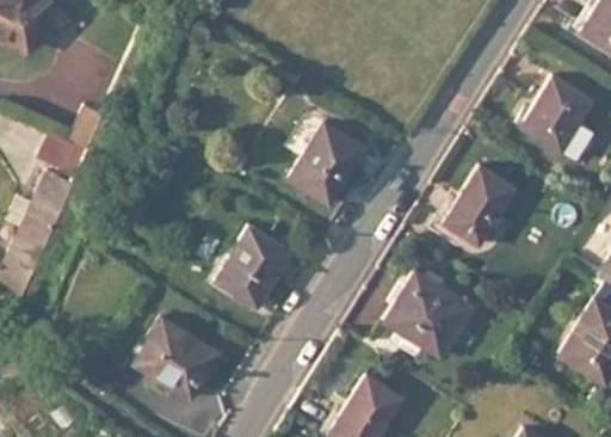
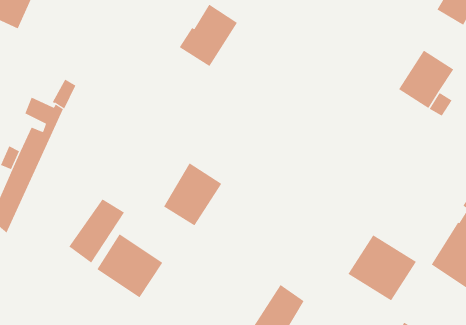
building: [289,121,364,201] -> [179,4,238,67]
building: [443,171,511,248] -> none
building: none -> [69,198,125,263]
building: [381,275,469,359] -> [347,235,417,301]

